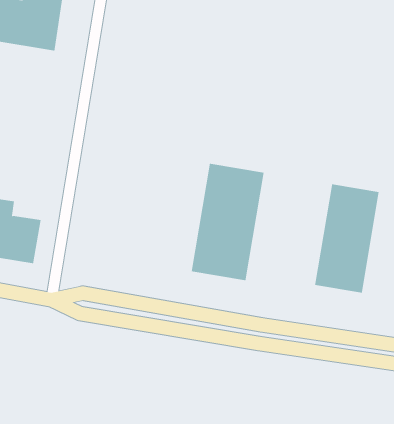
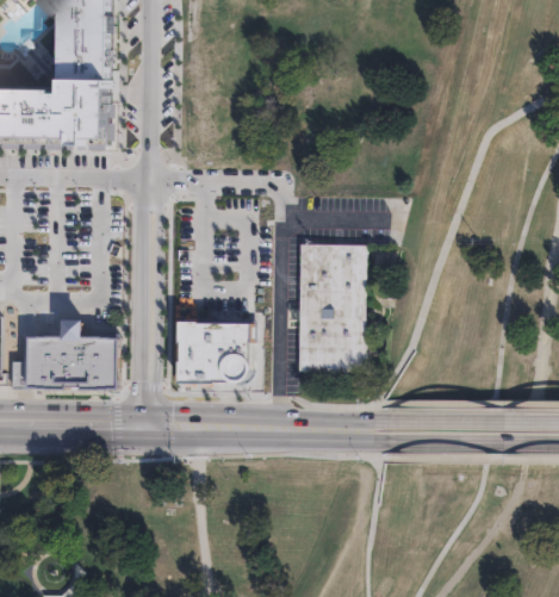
building: [315,183,379,294] -> none
building: none -> [179,319,251,384]

